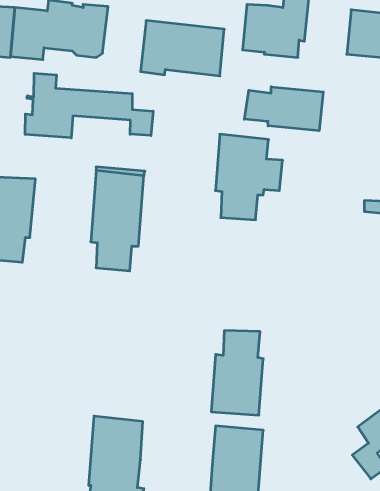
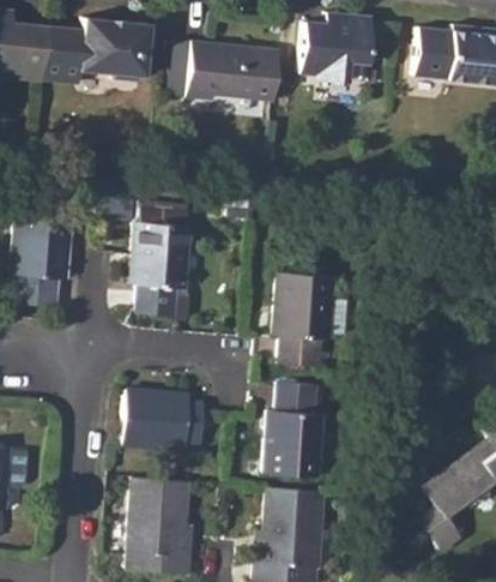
building: [25,73,153,138] -> none
building: [244,87,323,131] -> none
building: [215,134,283,220] -> [274,272,349,367]
building: none -> [122,391,205,449]

